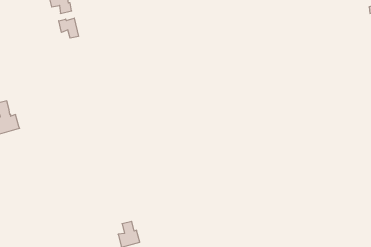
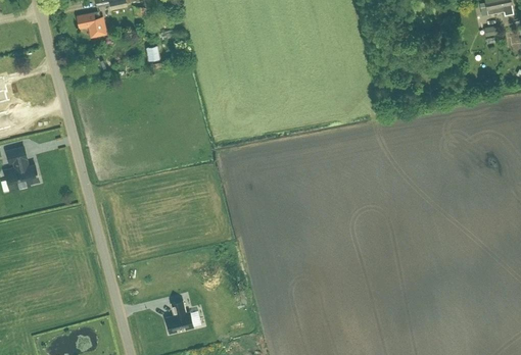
building: [59,18,78,38] -> none

